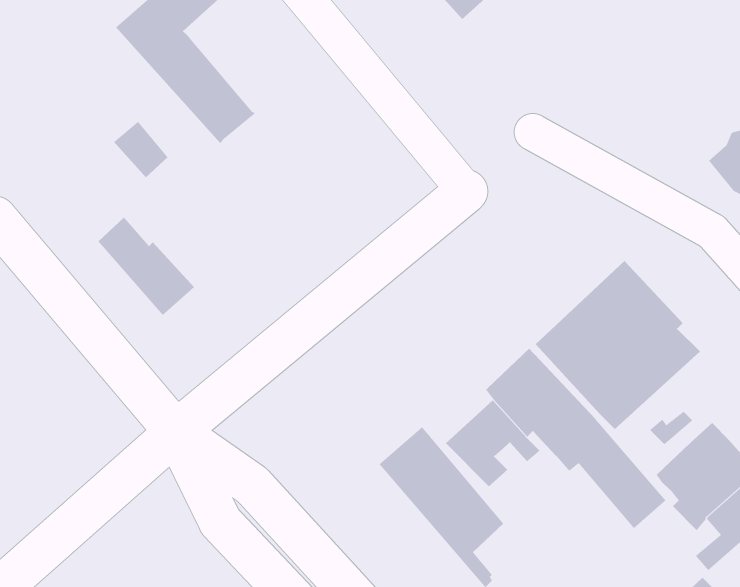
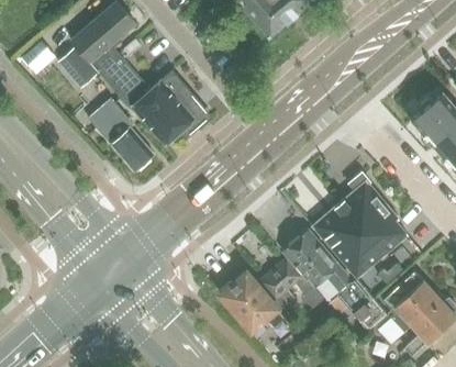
building: none -> [58,51,97,89]
building: none -> [133,71,201,144]
building: [98,217,195,316] -> [97,114,153,171]

